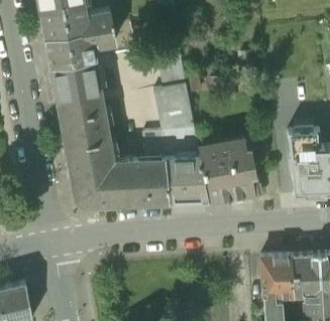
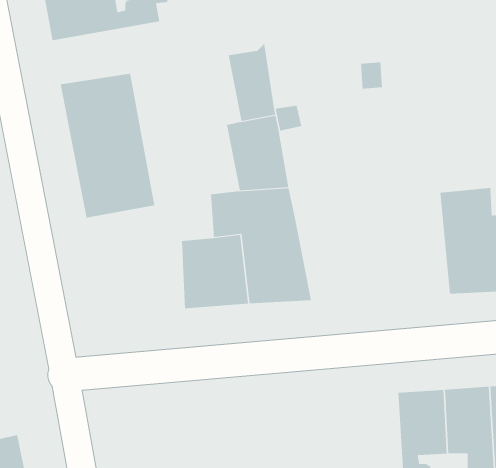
building: [45,26,124,65] -> none
building: [198,140,254,200] -> none
building: [67,141,128,207] -> none

